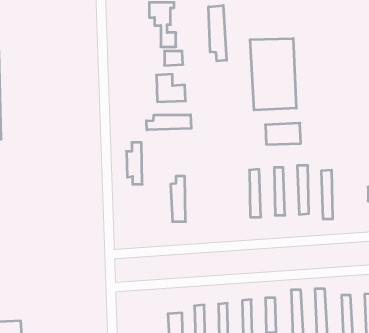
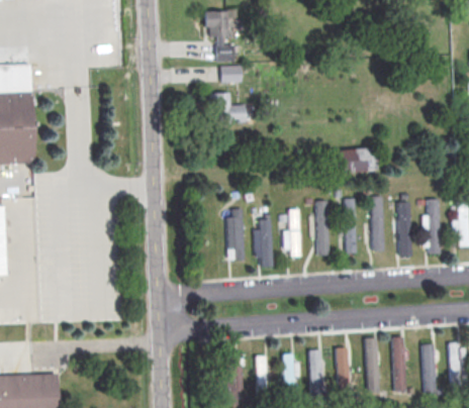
building: [209,5,227,61] -> none
building: [250,38,296,110] -> none
building: [146,115,191,130] -> none
building: [126,143,142,184] -> [254,219,272,267]
building: none -> [423,198,440,253]
building: none -> [283,208,300,257]

